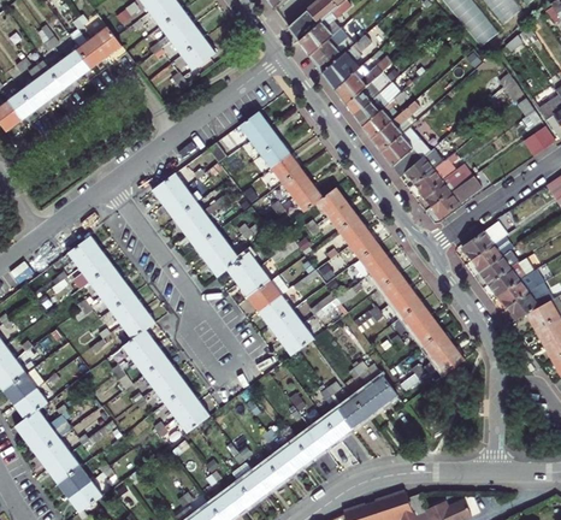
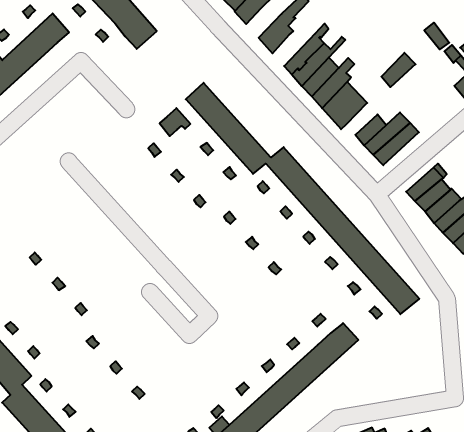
building: [309,39,348,70] -> none
building: [335,64,382,102] -> none
building: [406,147,443,182] -> [381,53,416,87]
building: [152,175,313,358] -> none
building: [67,238,209,436] -> none

